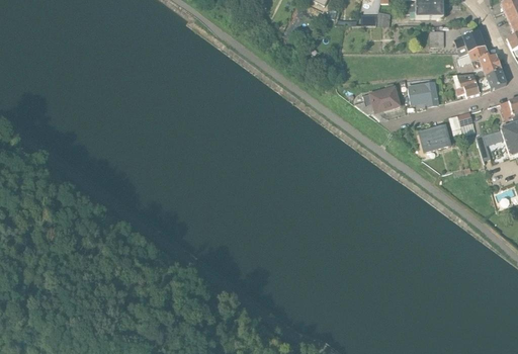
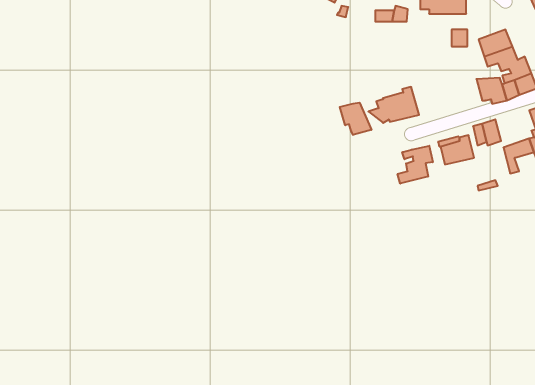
building: [407,82,438,106] -> none
building: none -> [340,103,371,135]
building: none -> [398,146,433,184]

